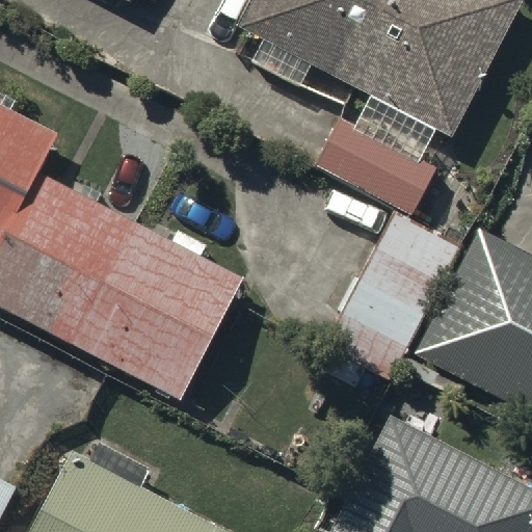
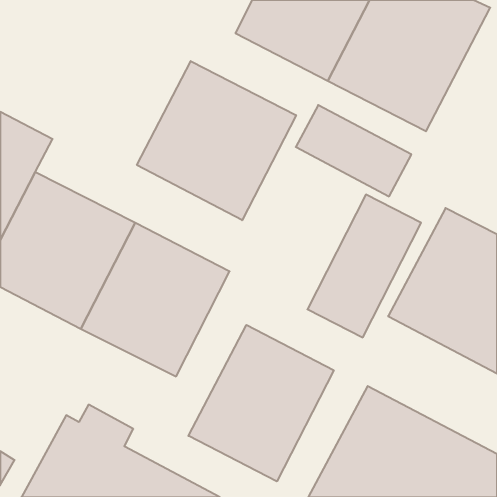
building: none -> [137,61,296,220]
building: none -> [188,325,334,481]

